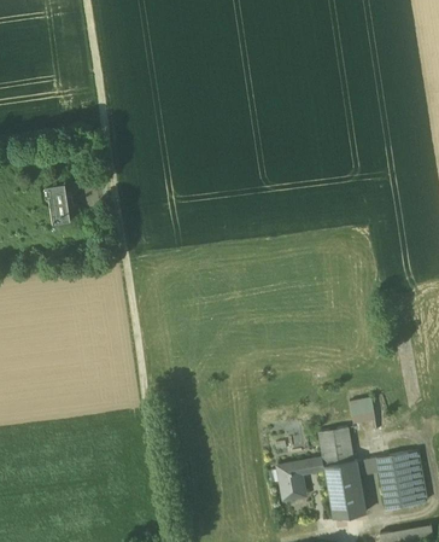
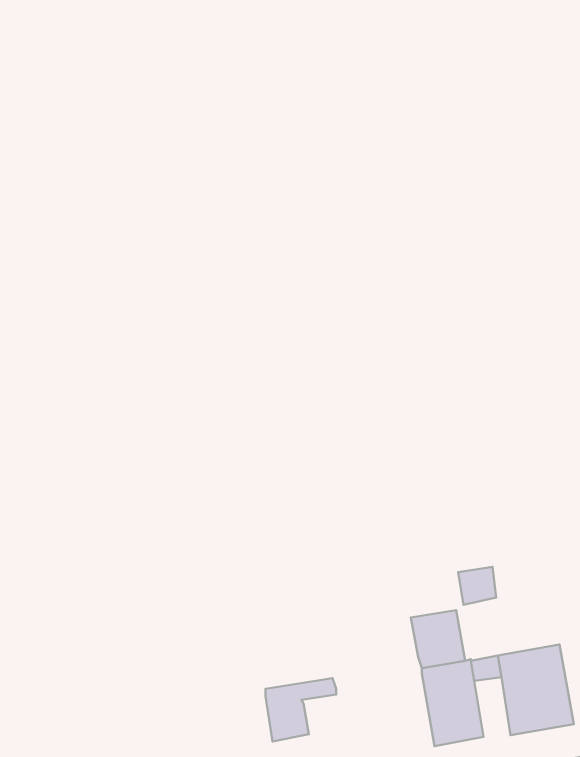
building: [51,185,77,226] -> none
building: [277,459,324,501] -> [265,678,336,741]

